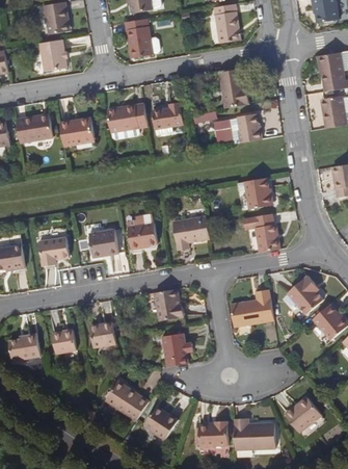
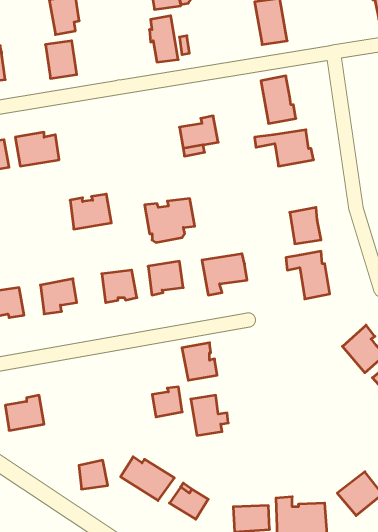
building: [107,103,149,139] -> [145,199,195,242]
building: [61,116,96,146] -> [70,194,111,229]
building: [232,289,274,325] -> none
building: [90,322,115,347] -> [152,387,182,417]
building: [53,330,77,354] -> [79,460,108,489]

